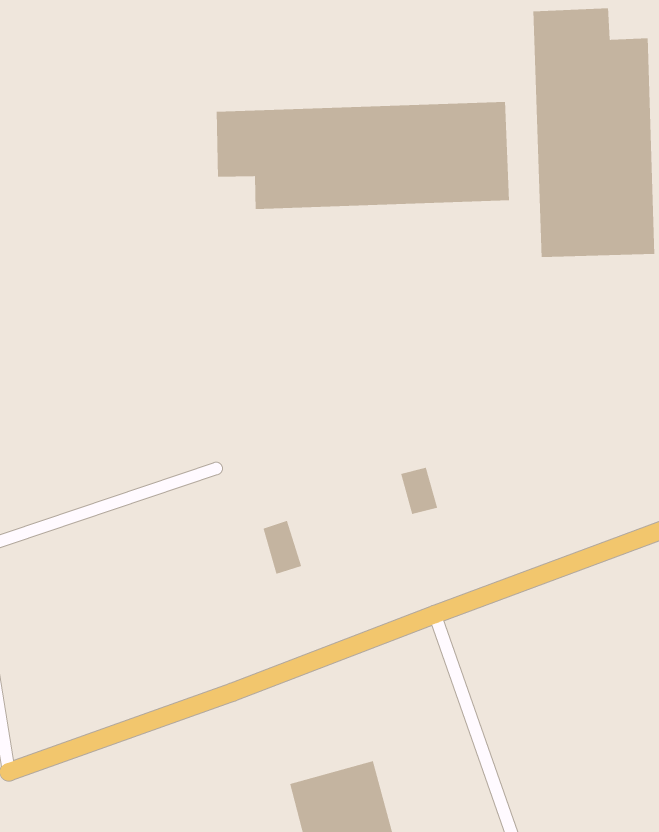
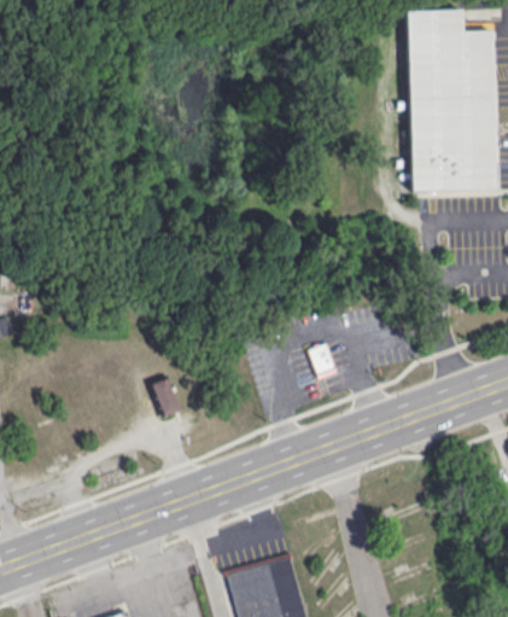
building: [216,101,510,210] -> none
building: [263,520,302,575] -> [152,378,181,418]

